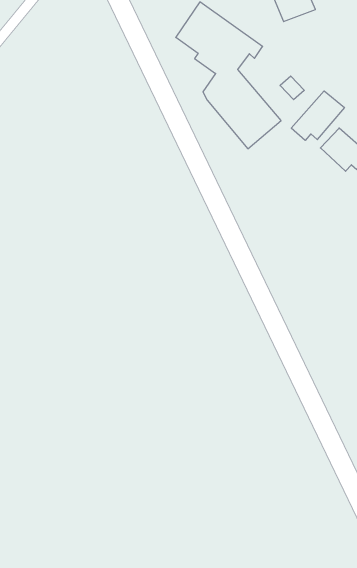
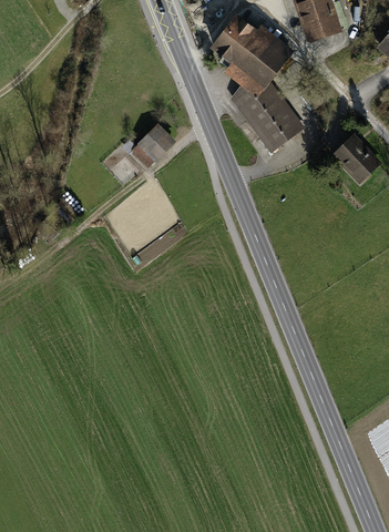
building: [291,91,344,140] -> none
building: none -> [132,126,171,165]

